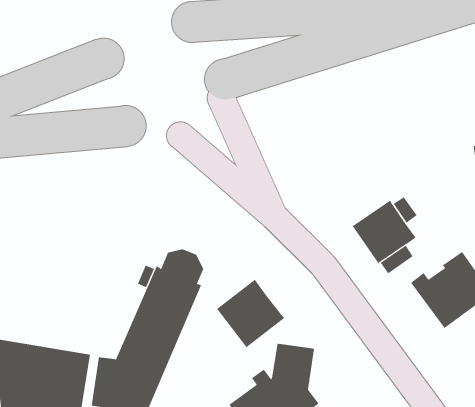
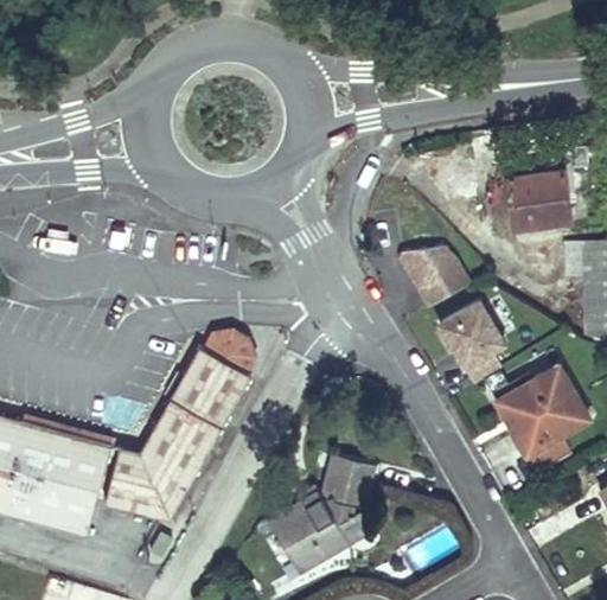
building: none -> [509,170,582,225]
building: none -> [396,248,472,311]
building: [216,279,285,348] -> none

